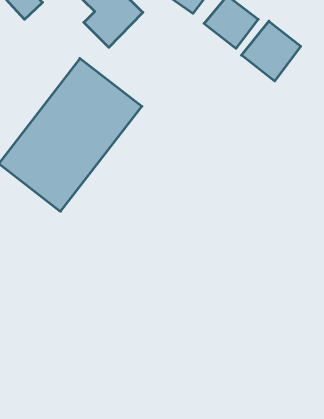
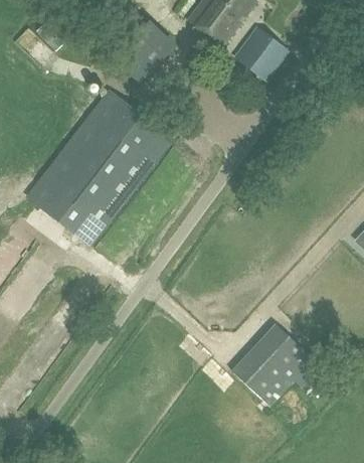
building: [241,21,301,81] -> none
building: none -> [231,324,313,406]

